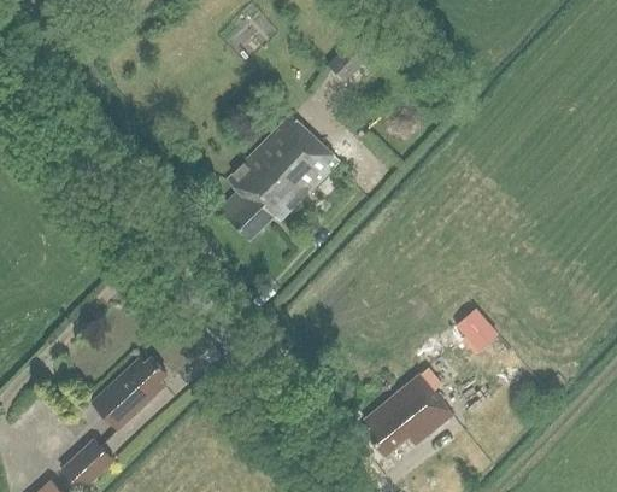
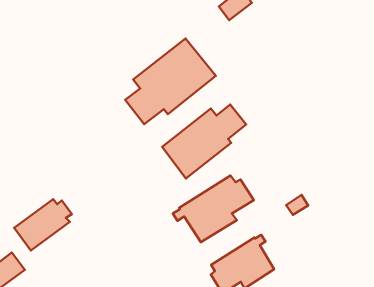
building: none -> [162,105,246,178]
building: none -> [173,176,254,242]

